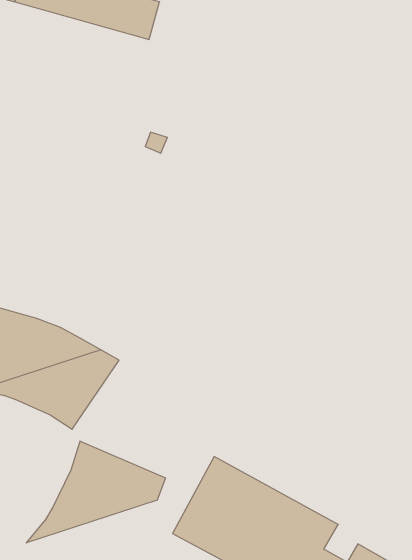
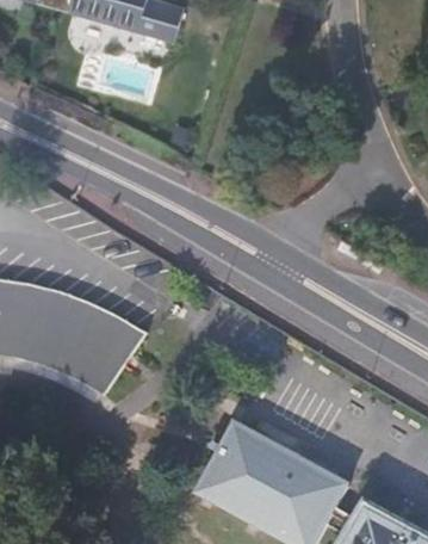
building: [26,441,166,543] -> none

